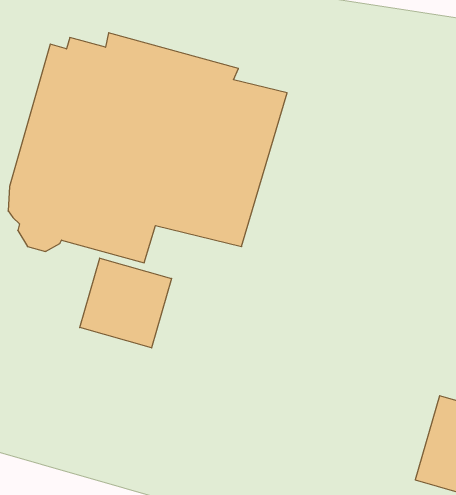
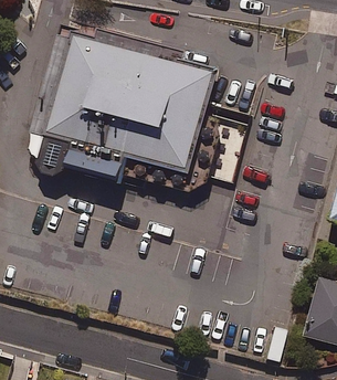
building: [80,258,172,348] -> none

